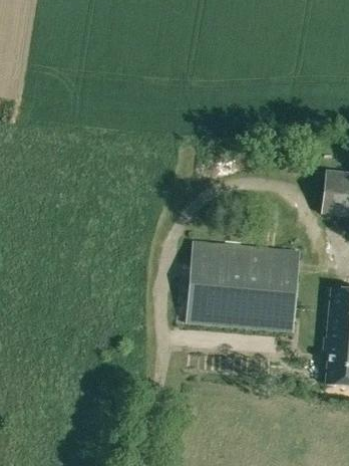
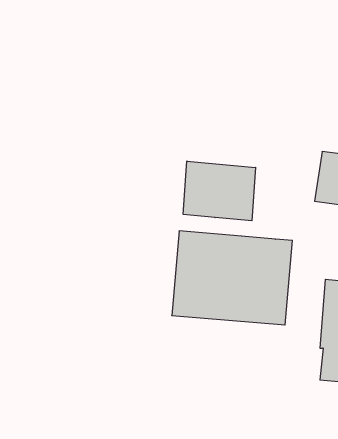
building: none -> [183,161,256,221]

